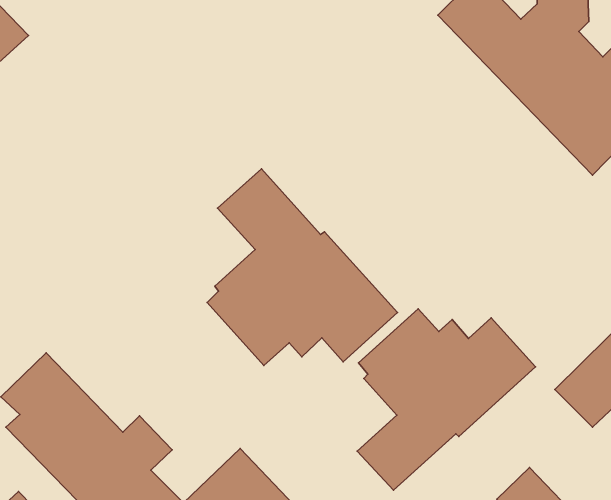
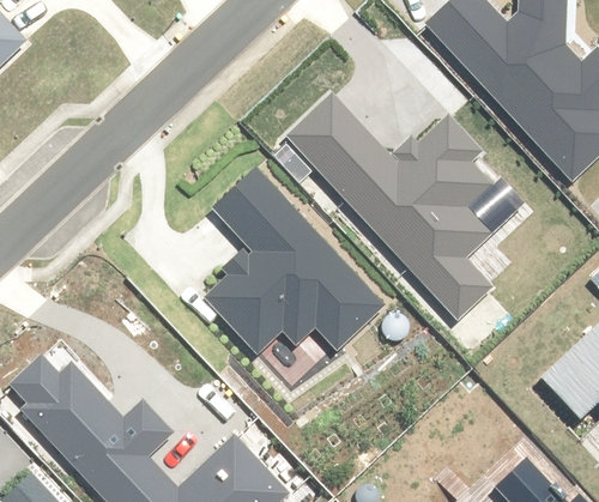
building: none -> [286,98,492,313]
building: [357,309,536,490] -> none

